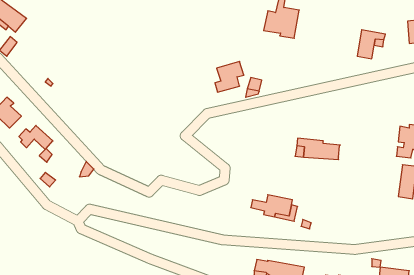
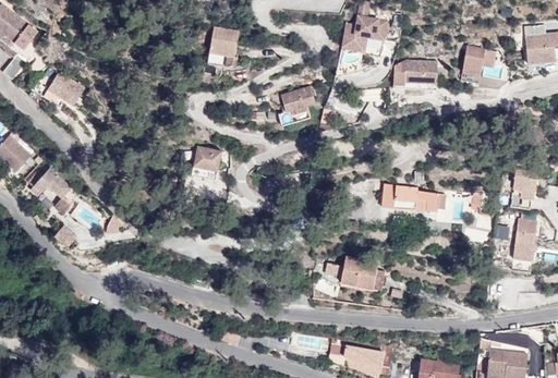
building: none -> [208,26,240,68]
building: none -> [393,60,438,89]
building: none -> [48,72,85,106]
building: none -> [192,146,222,181]

